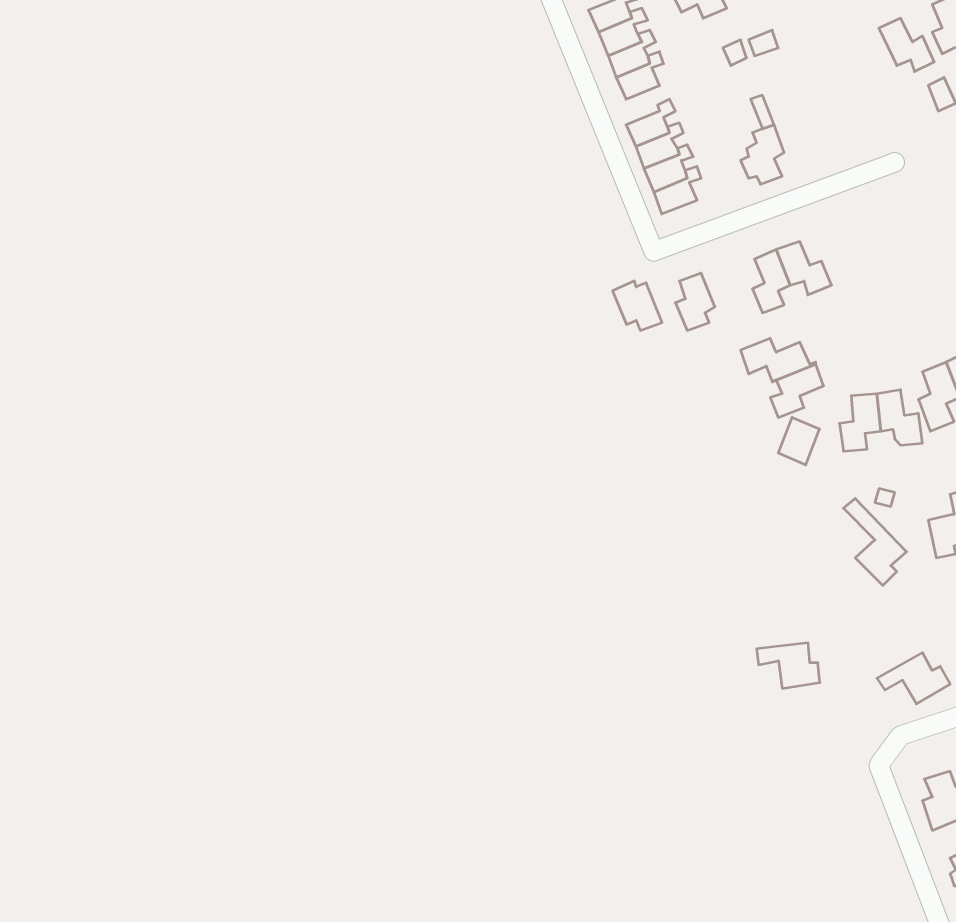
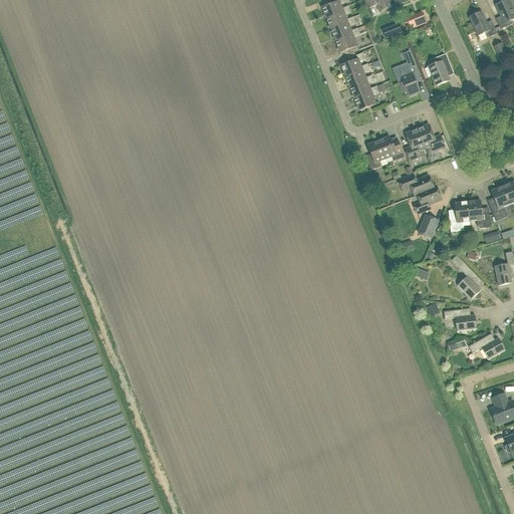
building: none -> [425,52,450,84]
building: [613,281,662,330] -> [378,135,404,160]
building: [757,643,820,688] -> [444,307,476,330]

